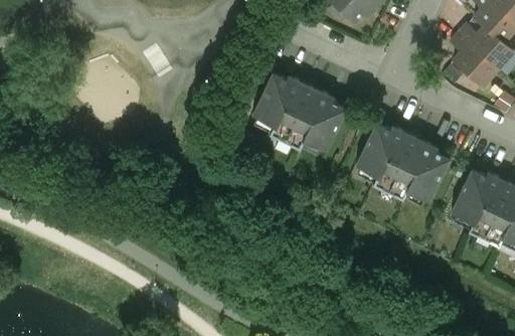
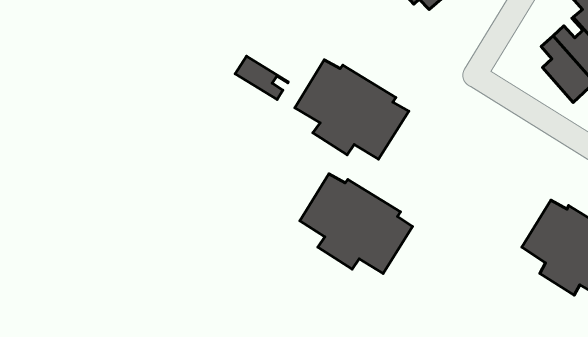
building: none -> [235,56,288,99]
building: [356,123,450,200] -> [300,174,412,273]

